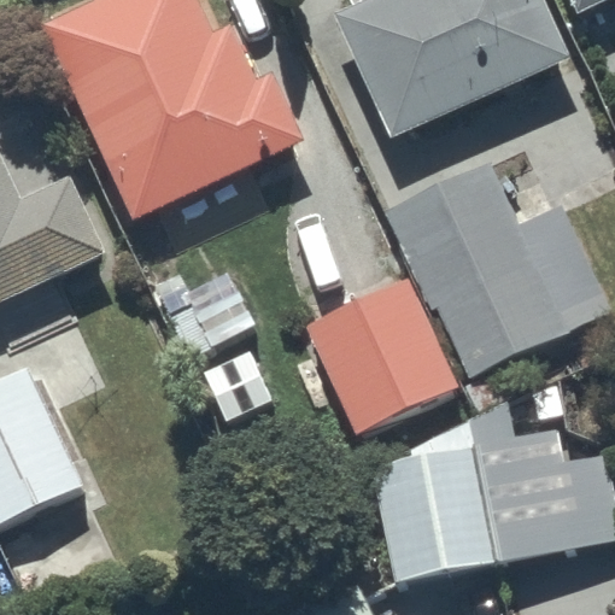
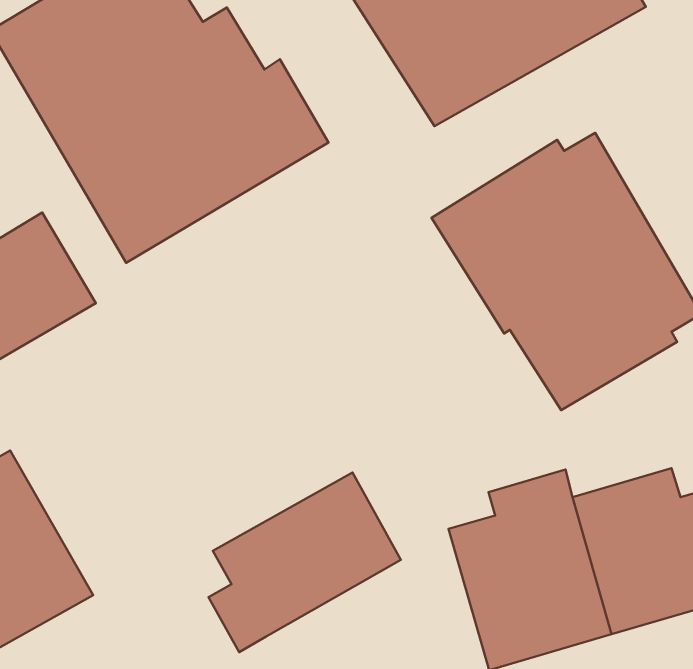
building: [306,276,461,434] -> none
building: none -> [208,472,401,652]

